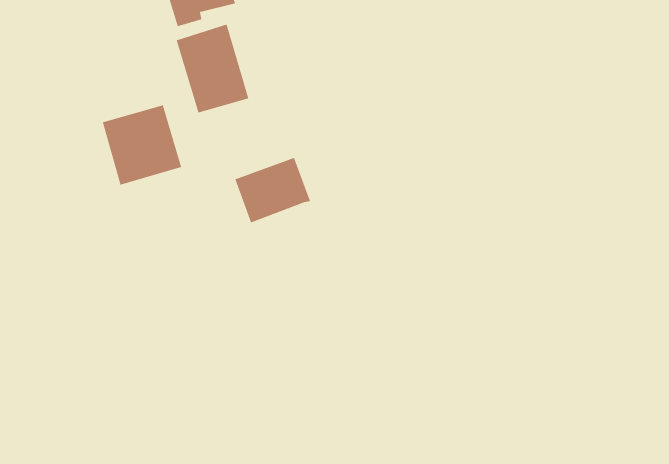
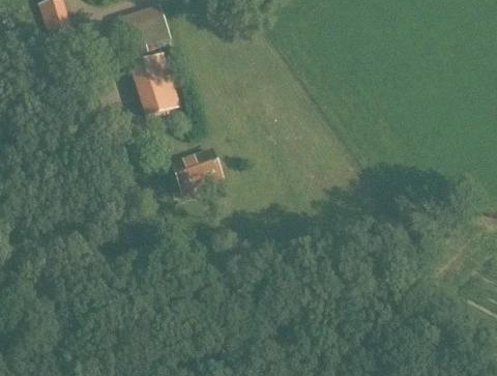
building: [102,105,182,186] -> none

